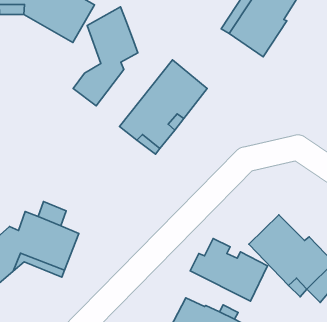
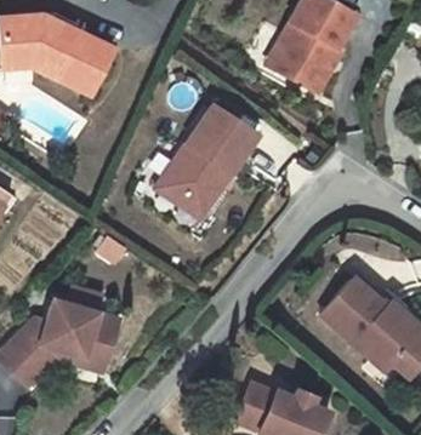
building: [73,7,138,106] -> none
building: [190,239,267,301] -> none

